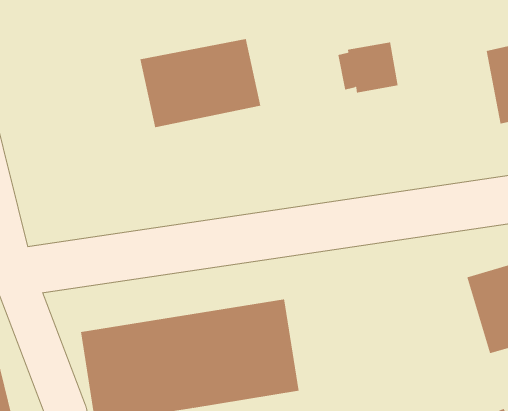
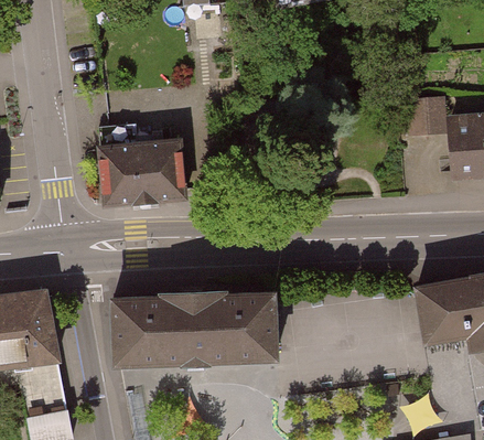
building: [140,39,261,128] -> [97,140,186,201]
building: [338,42,399,93] -> [400,98,444,135]

